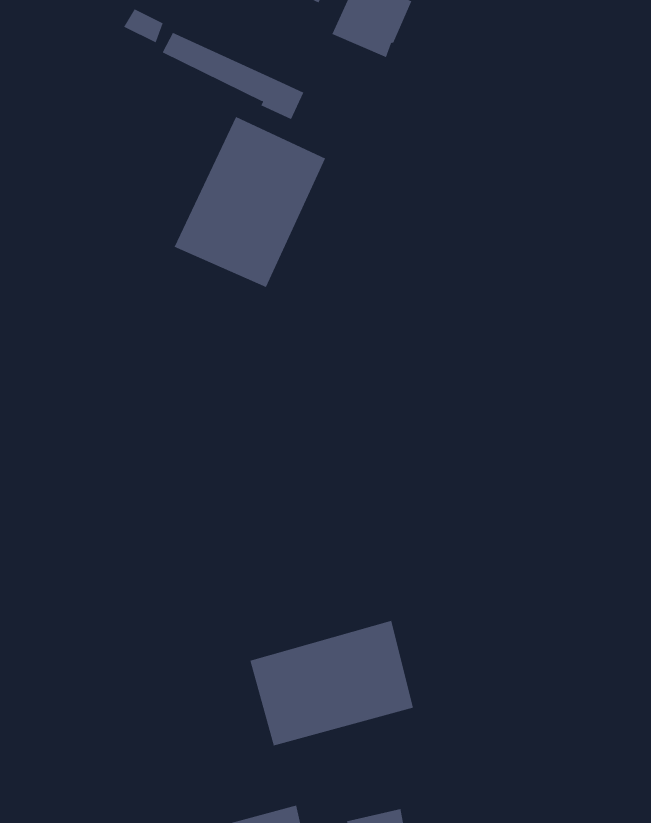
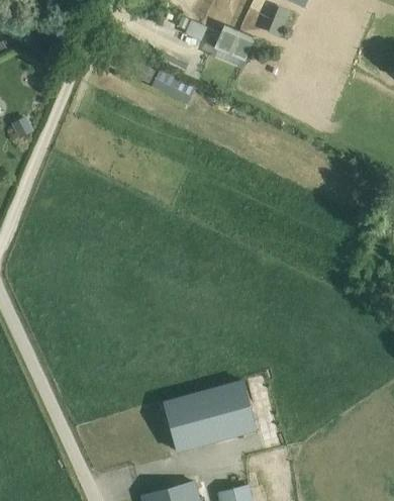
building: [174,116,326,288] -> none

